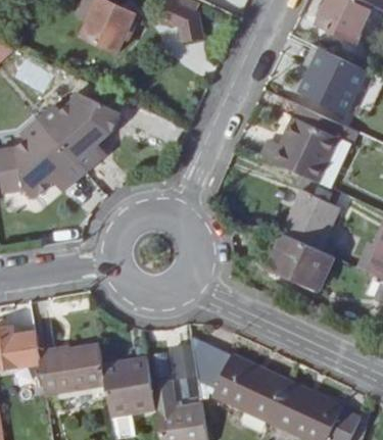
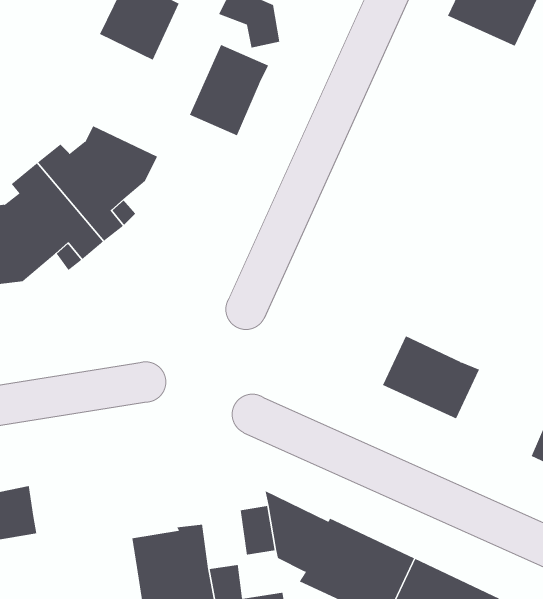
building: none -> [189,44,269,136]
building: [298,48,365,115] -> none
building: [259,104,354,182] -> none
building: [281,190,337,250] -> none
building: [37,345,104,396] -> none

